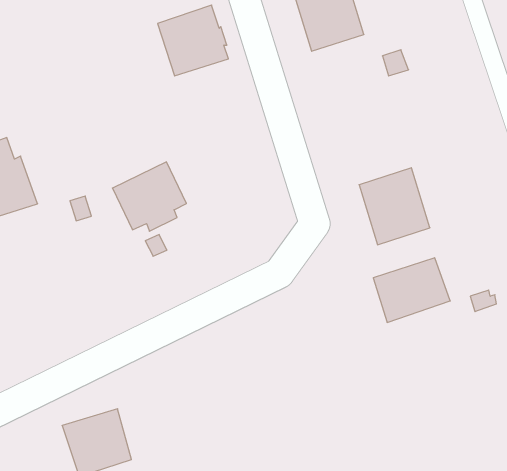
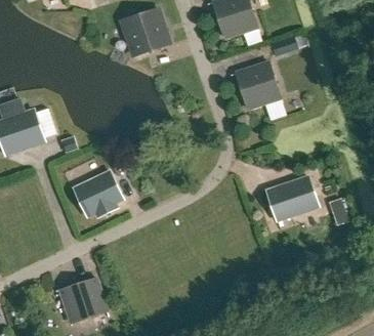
building: [112,162,186,231] -> [72,171,121,217]
building: [359,168,430,245] -> [236,59,283,111]

